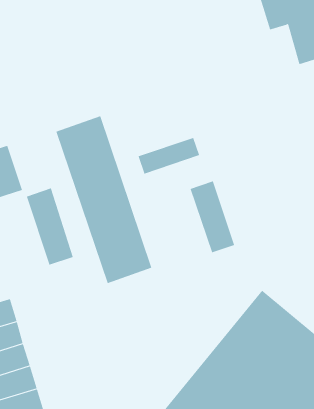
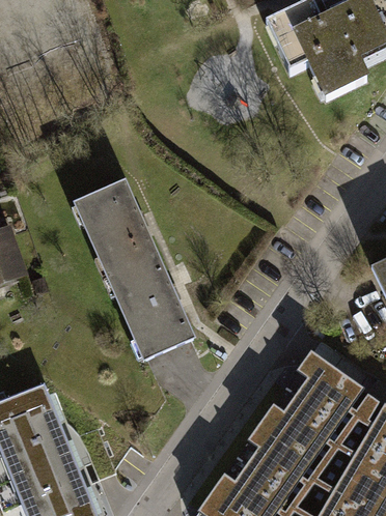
building: [138,137,200,174] -> none
building: [190,181,235,253] -> none
building: [26,187,73,265] -> none

